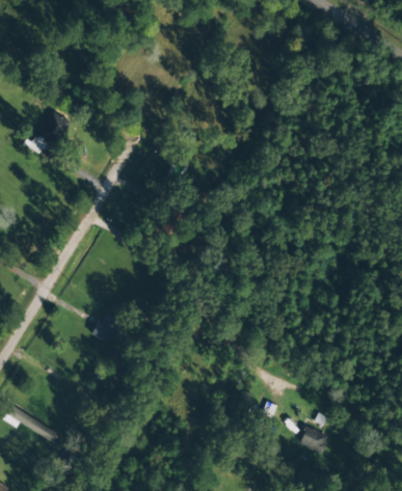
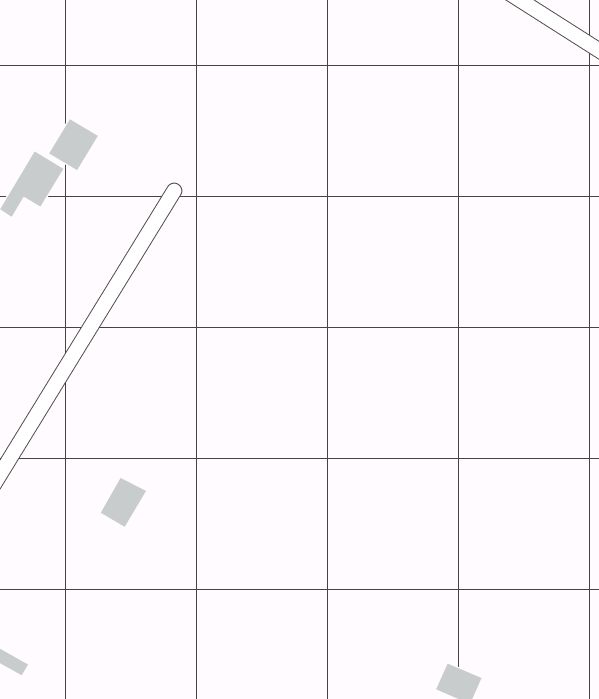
building: none -> [48,118,99,171]

